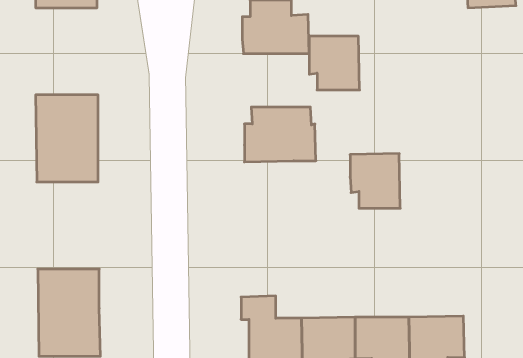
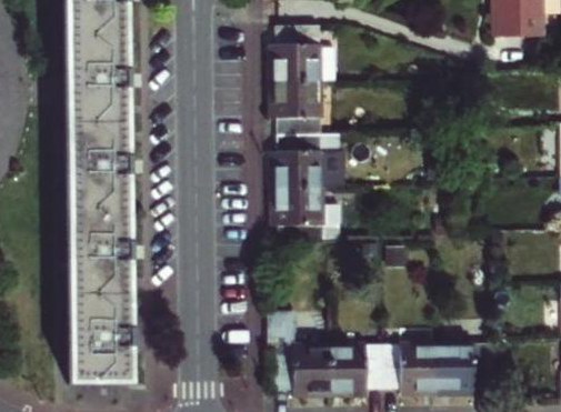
building: none -> [67,36,129,122]
building: [309,36,360,90] -> [273,81,323,134]
building: [350,154,400,208] -> [274,188,324,242]
building: none -> [68,209,130,295]

